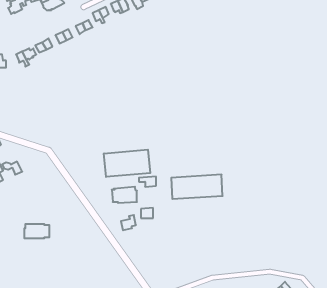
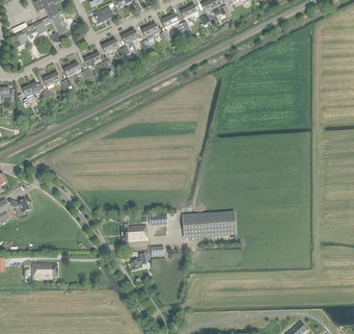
building: [104,150,150,177] -> none

